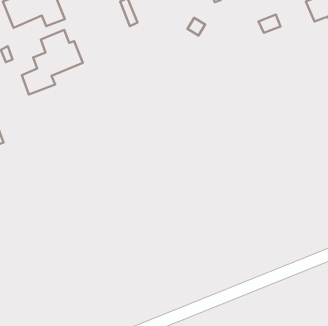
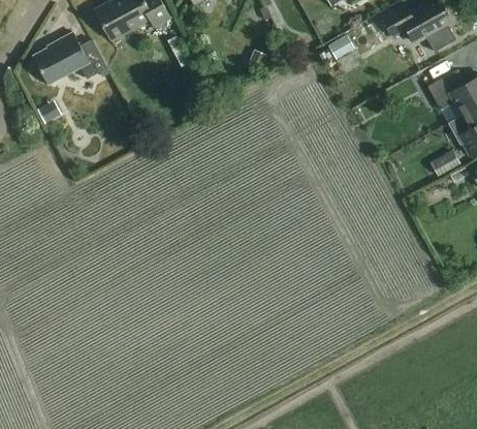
building: [22,30,83,95] -> none

